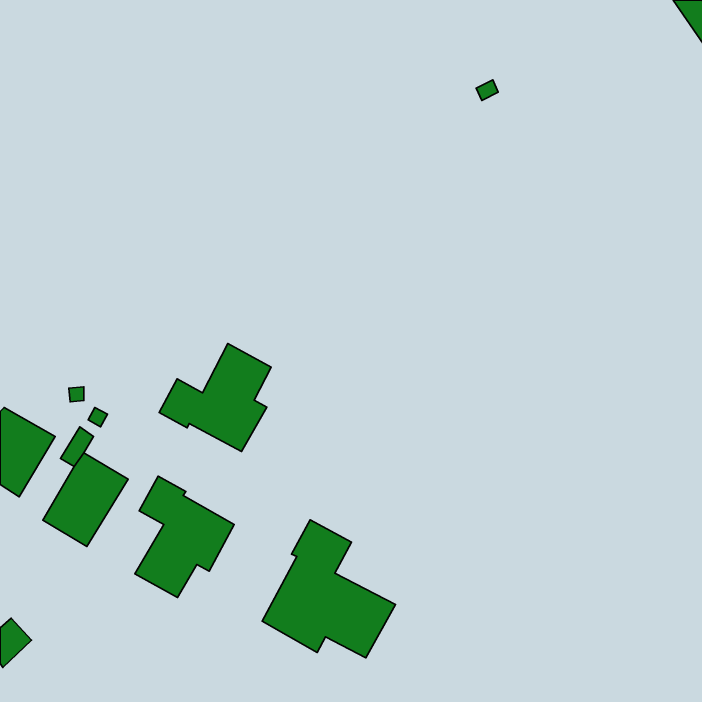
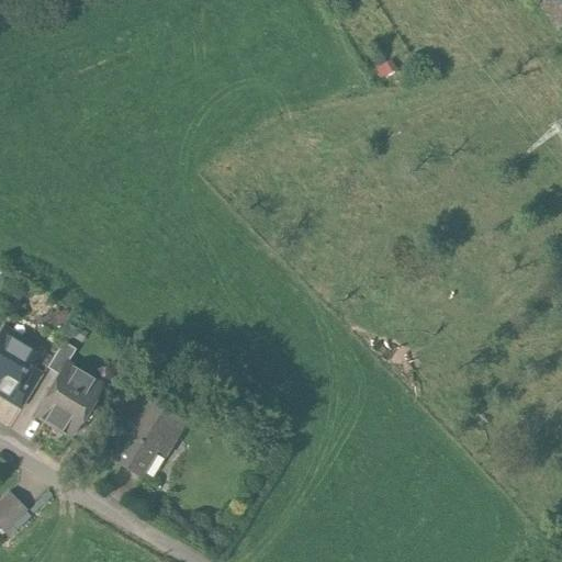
building: [159,343,271,451] -> none
building: [262,520,395,658] -> none

